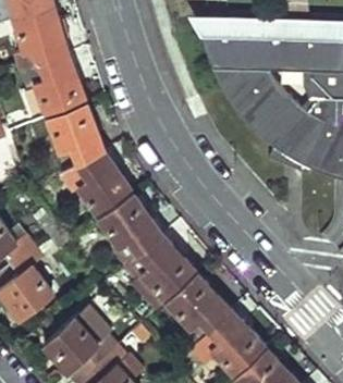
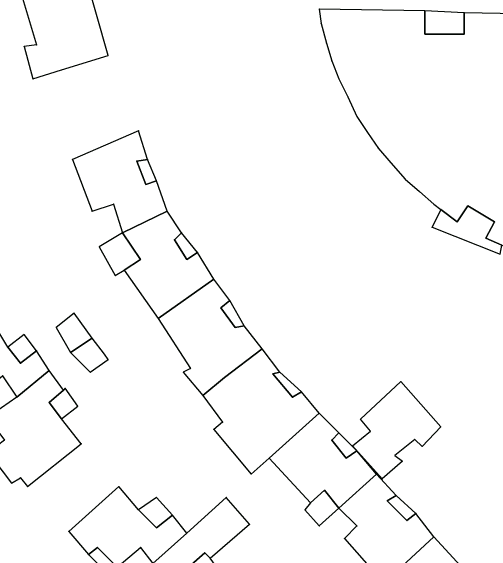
building: [35,52,87,115] -> none
building: none -> [352,382,441,479]

